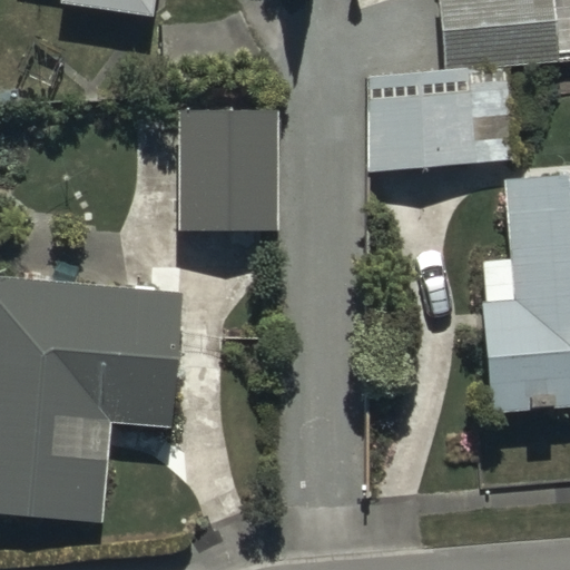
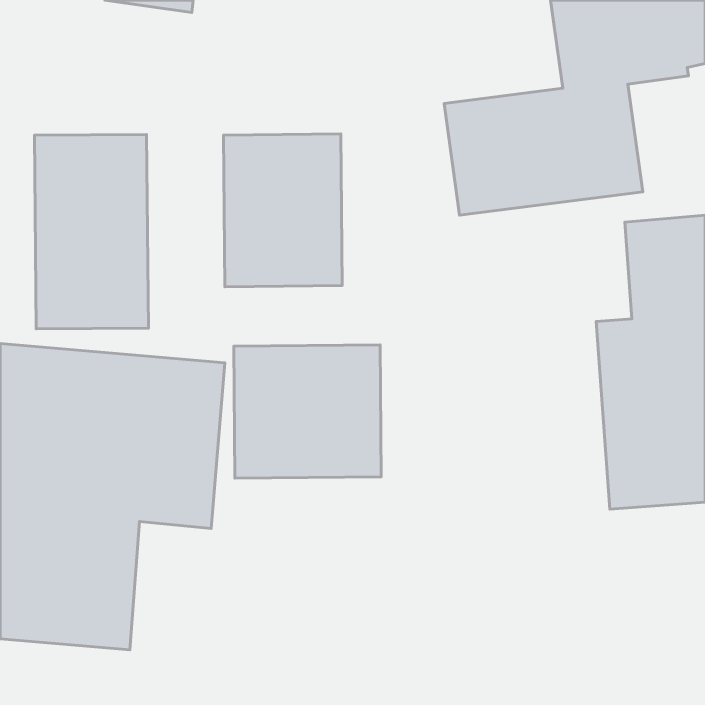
building: none -> [34,135,148,329]
building: none -> [234,345,381,478]

